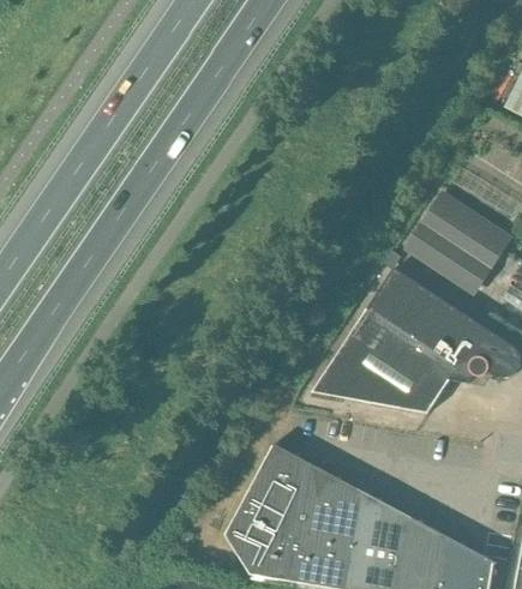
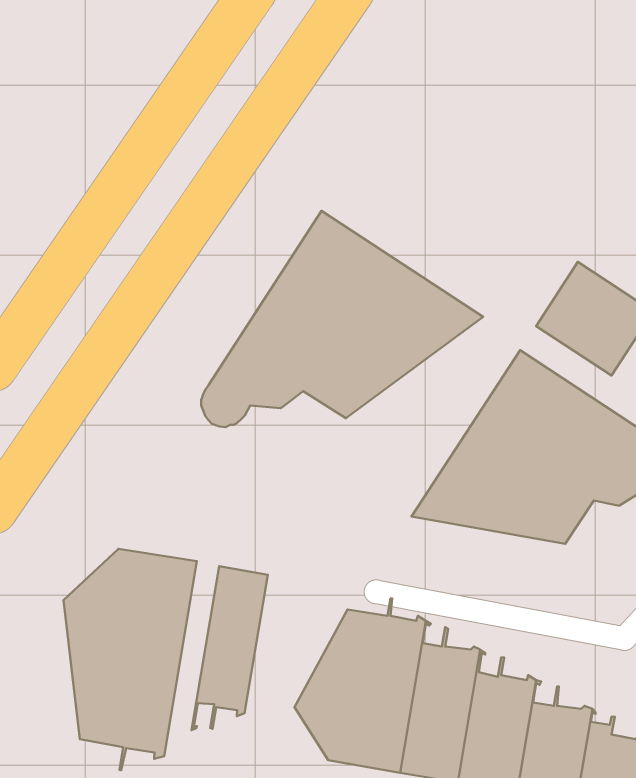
building: none -> [201,211,483,427]
building: none -> [64,549,197,770]
building: none -> [191,566,268,730]

